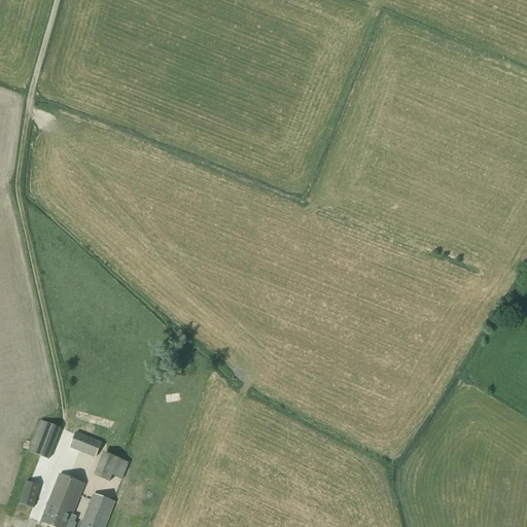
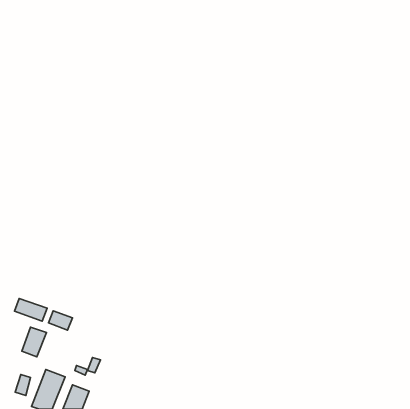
building: none -> [15,298,47,321]
building: [71,431,102,456] -> [48,311,72,330]

